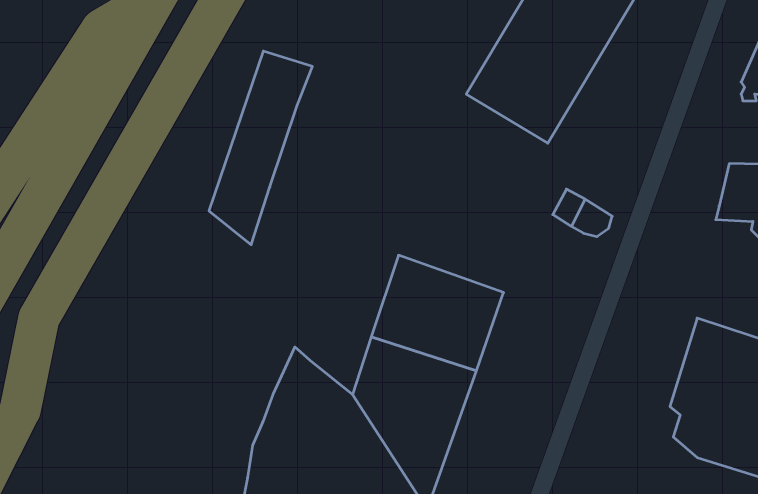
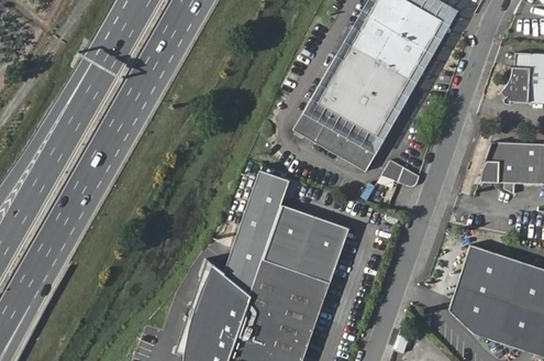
building: [209,51,312,245] -> [223,168,290,294]
building: none -> [296,95,385,171]

